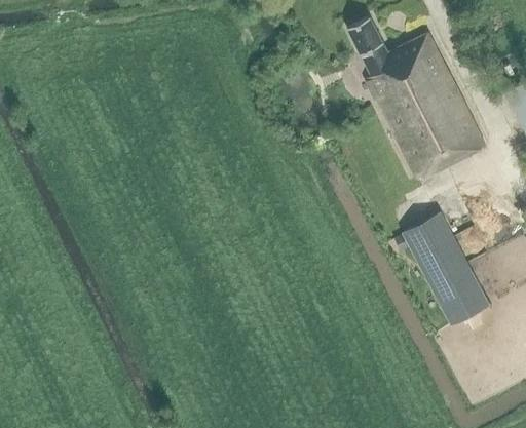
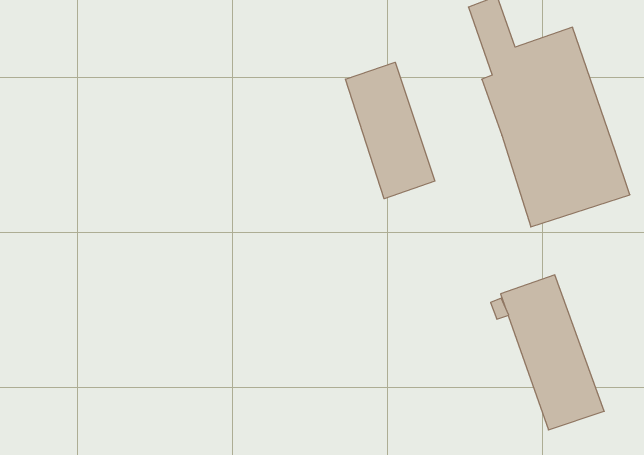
building: none -> [345,62,435,199]

